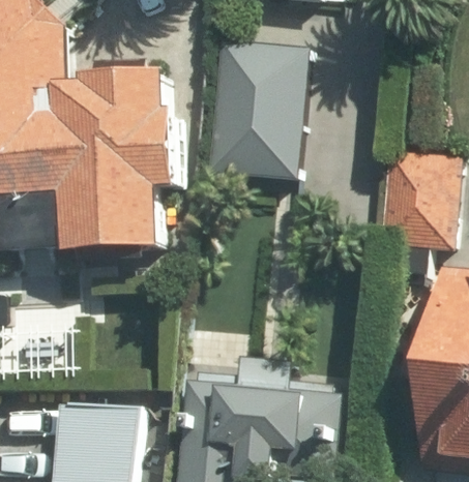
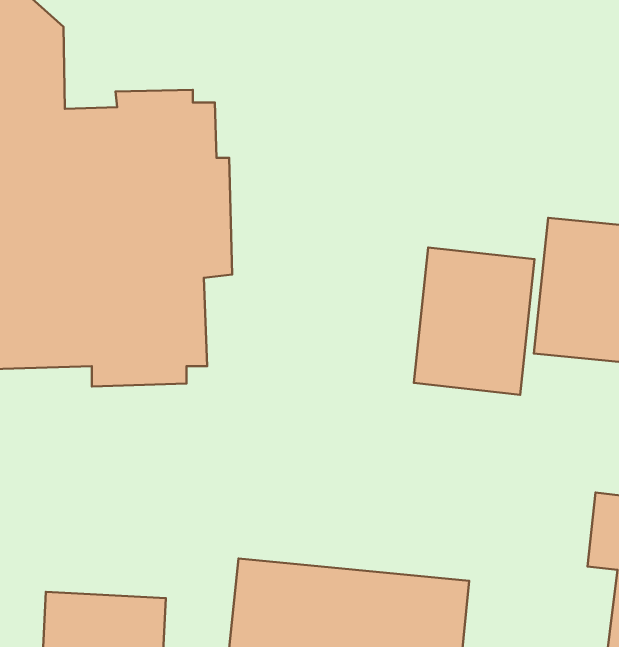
building: [203,37,305,180] -> none
building: none -> [414,247,534,395]

